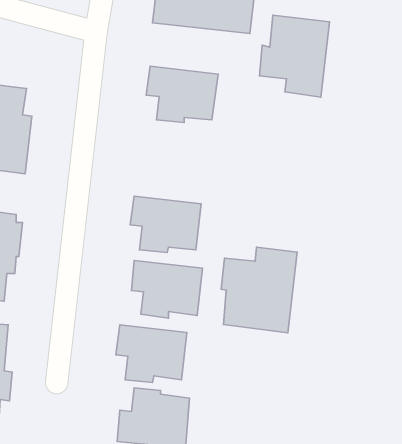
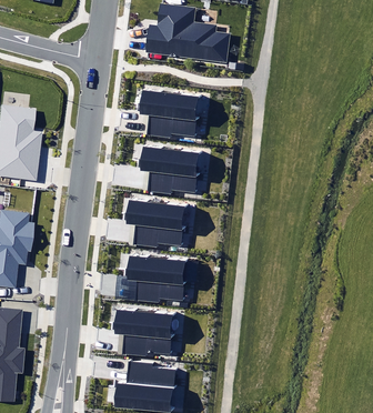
building: [260,15,329,97] -> none
building: none -> [139,145,199,194]
building: [221,247,297,333] -> none

